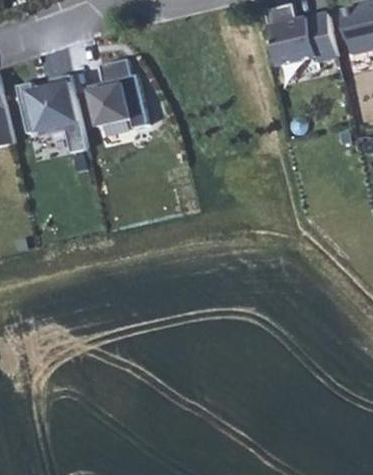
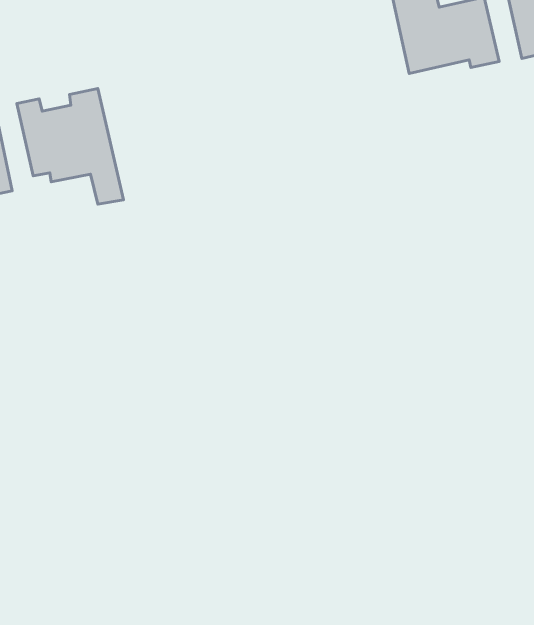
building: [87,58,145,127] -> none

